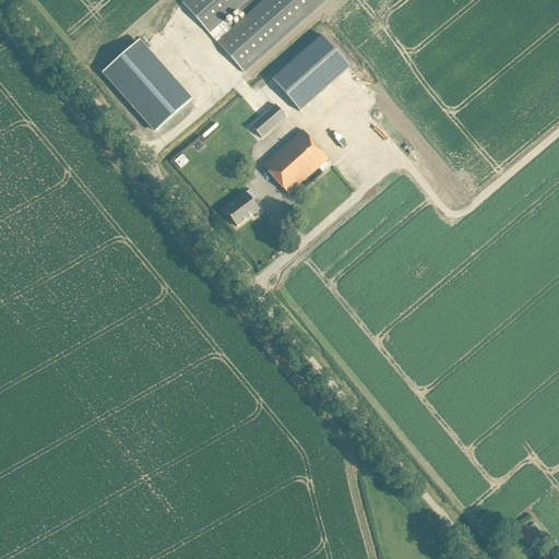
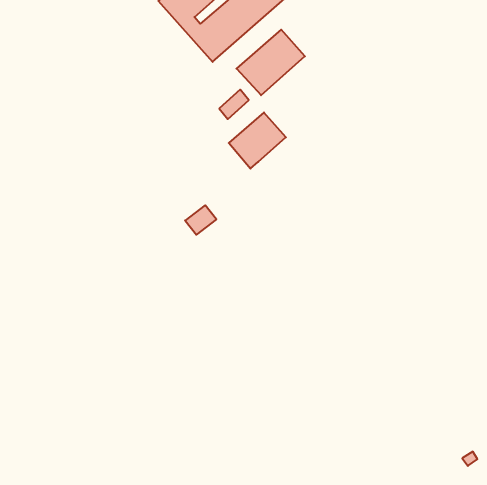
building: [104,39,190,129] -> none
building: [223,191,259,225] -> [185,205,216,235]

